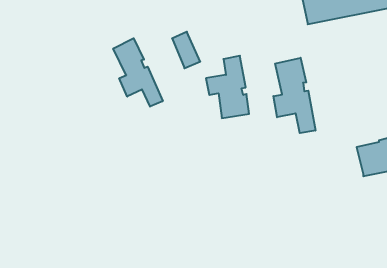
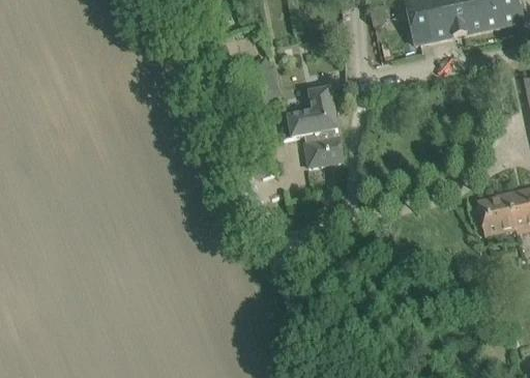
building: [113,38,163,107] -> none
building: [273,58,315,133] -> none

